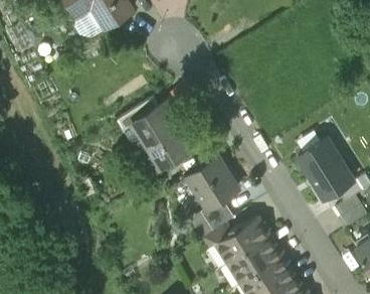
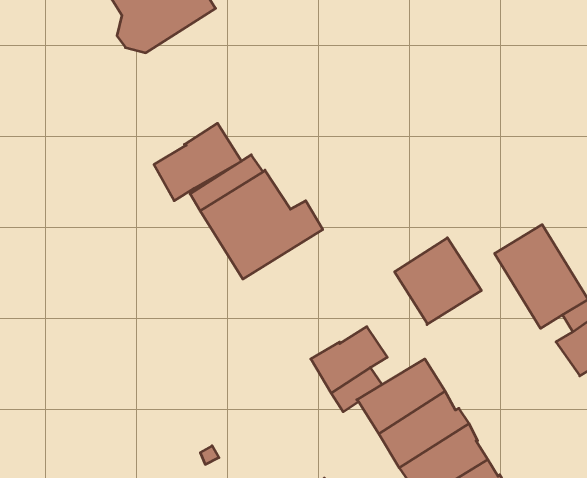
building: none -> [154,123,241,201]
building: [187,158,238,209] -> [395,238,481,325]

